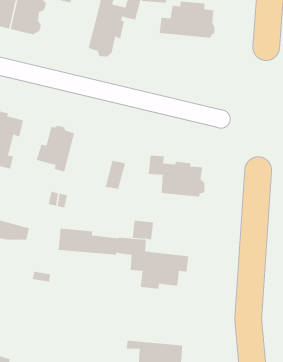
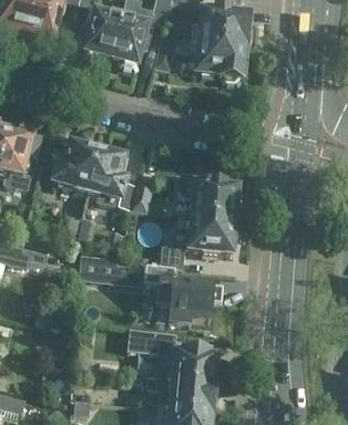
building: none -> [83,8,121,56]
building: none -> [153,35,245,79]
building: none -> [84,148,124,204]
building: none -> [187,216,238,256]
building: none -> [125,329,215,384]

